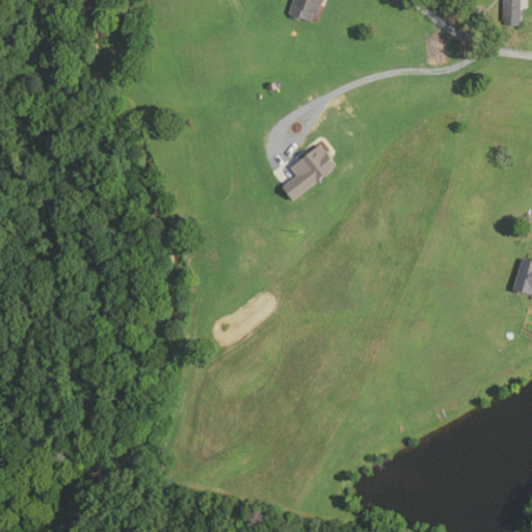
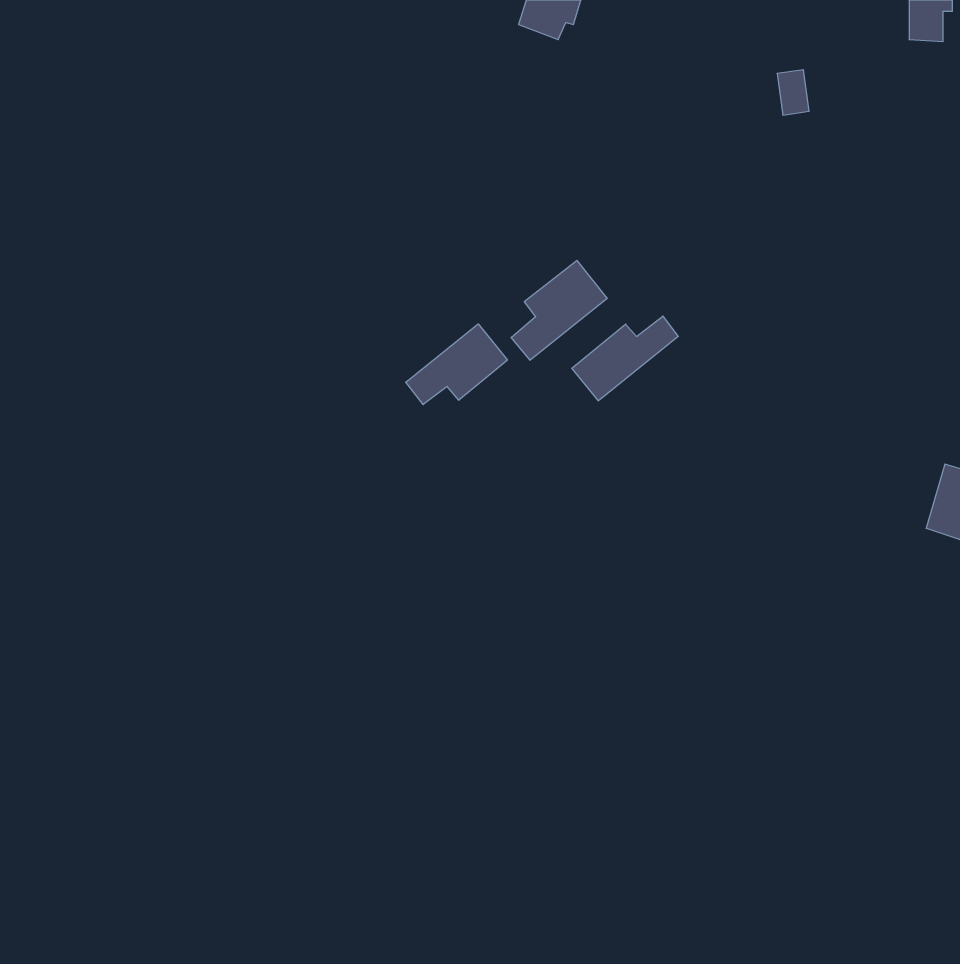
building: none -> [572,316,678,401]
building: none -> [406,324,507,405]

